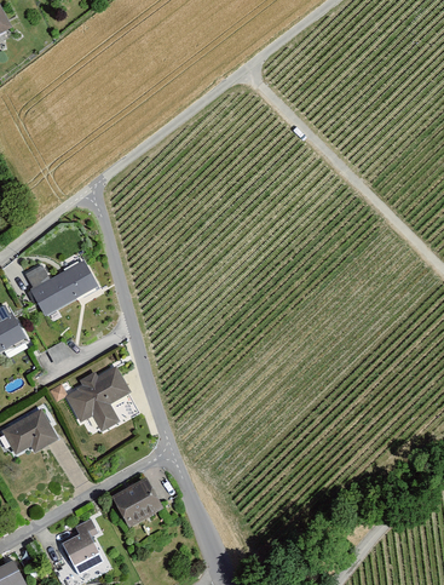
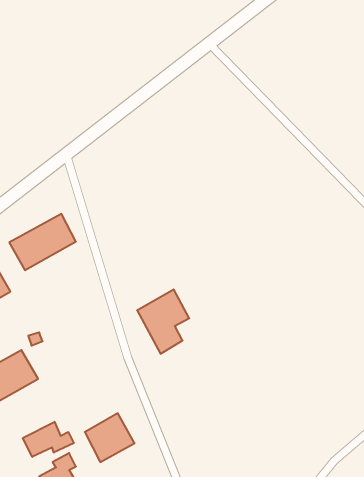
building: [73,363,129,434] -> [137,289,189,354]
building: none -> [23,422,74,457]

